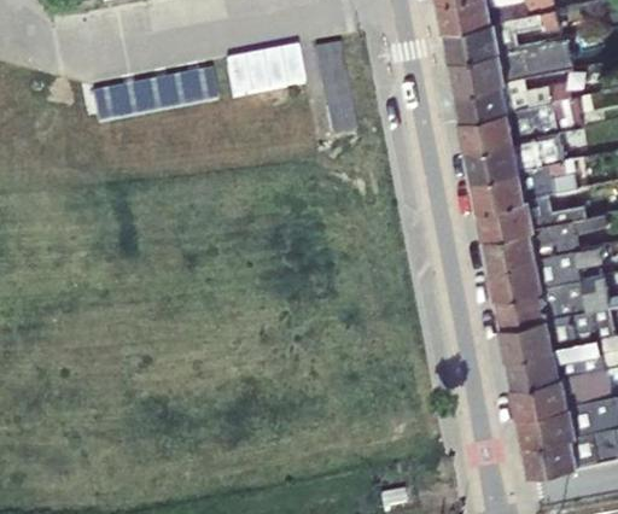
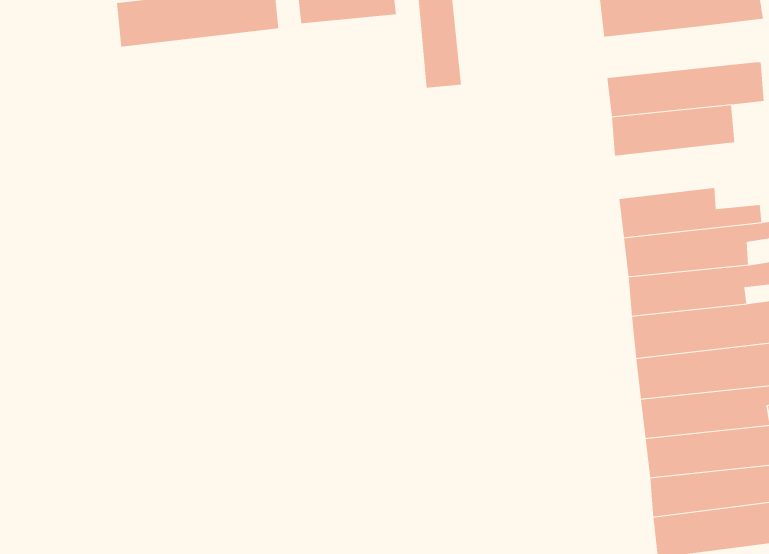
building: [453,71,569,115] -> none
building: [468,153,572,204] -> none

